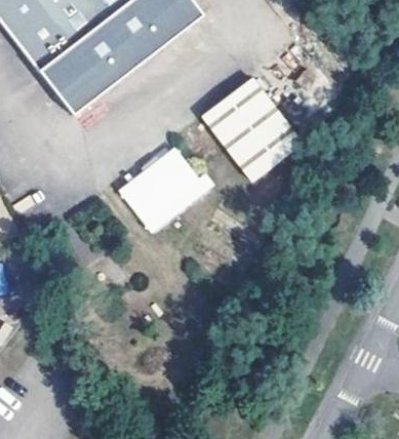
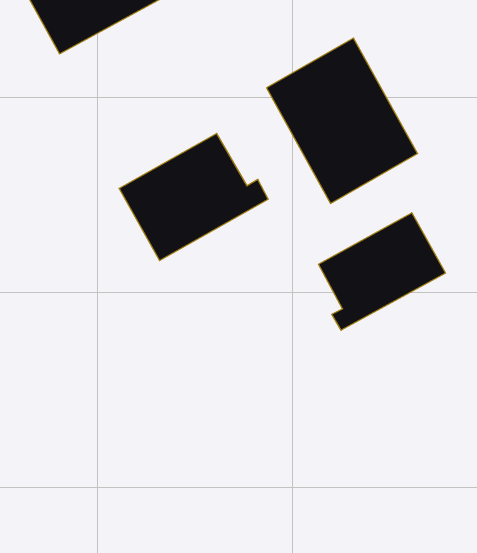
building: none -> [319,213,445,330]

